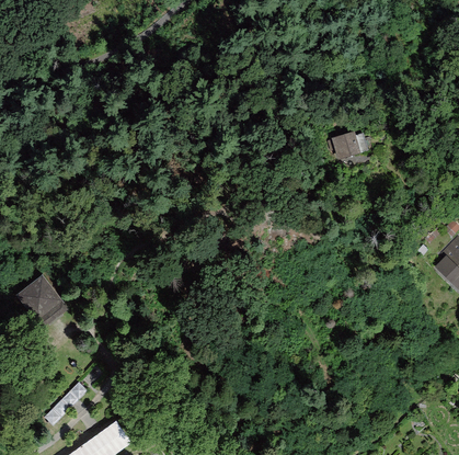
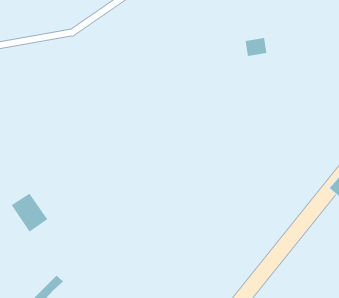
building: [335,133,365,158] -> [245,37,267,57]

